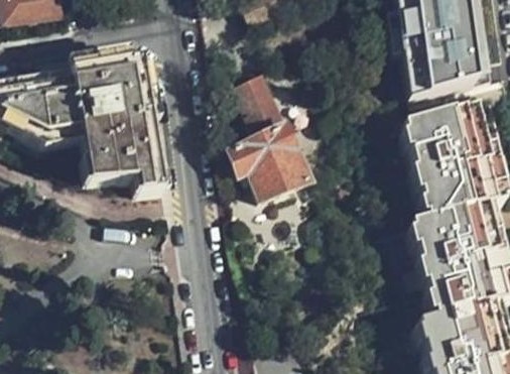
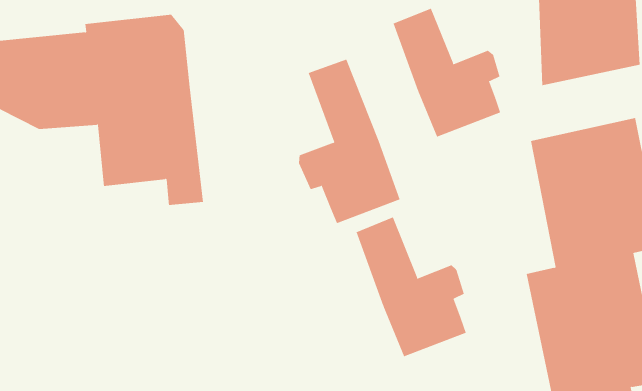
building: none -> [393,8,501,137]
building: none -> [356,217,467,357]

